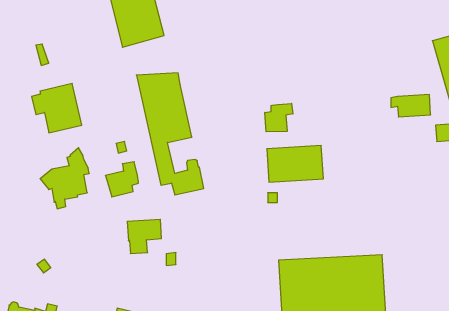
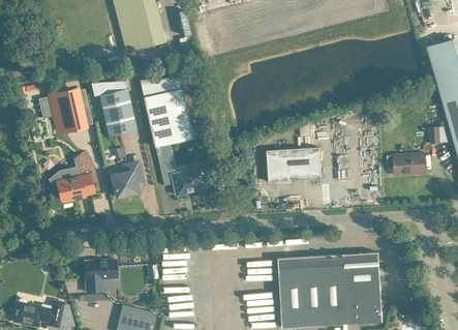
building: none -> [90,81,138,138]
building: [391,95,431,117] -> [387,154,425,176]
building: [265,103,293,132] -> none
building: [127,219,161,254] -> [83,260,116,293]

